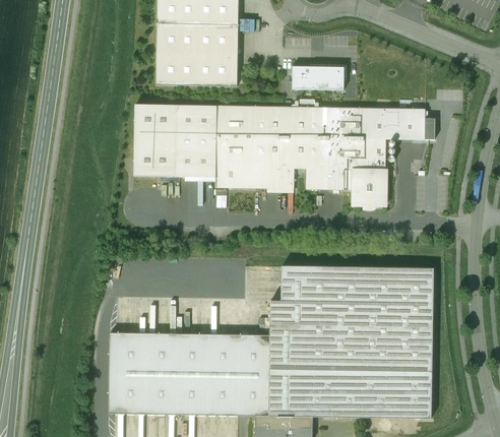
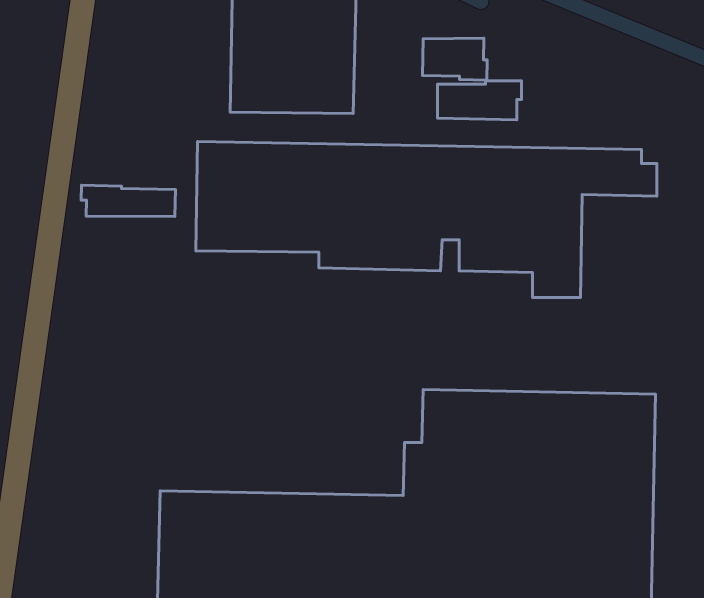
building: none -> [423,38,487,80]
building: none -> [81,185,175,216]

